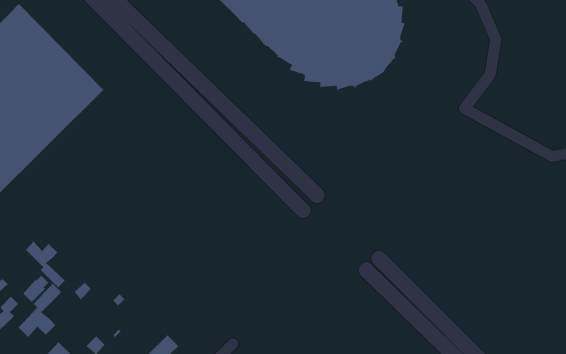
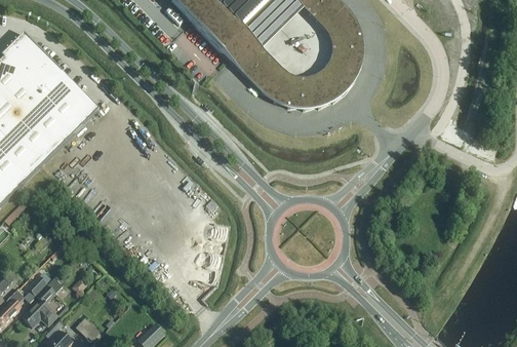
building: [25,241,65,288] -> none

